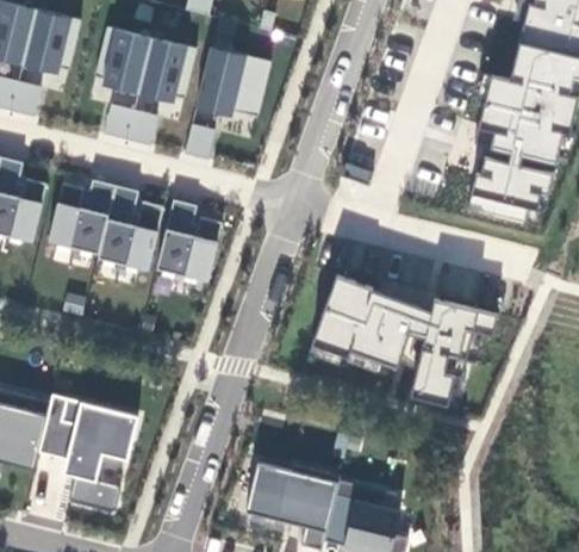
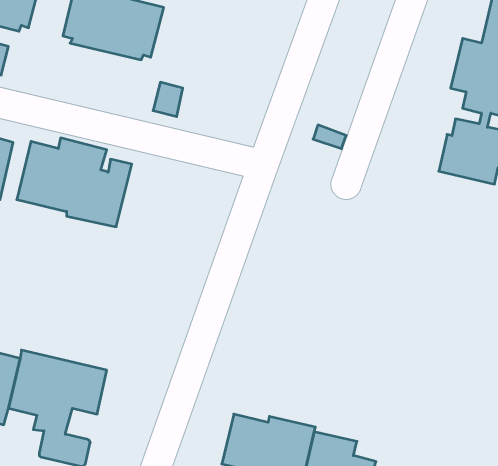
building: [193,46,267,117] -> none
building: [100,105,154,145] -> none
building: [154,199,219,281] -> none
building: [311,273,498,402] -> none

